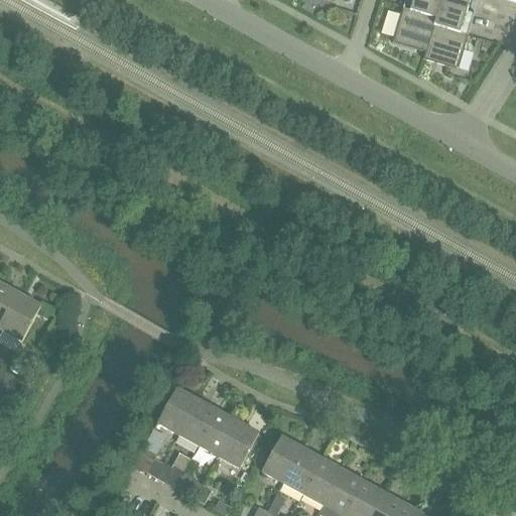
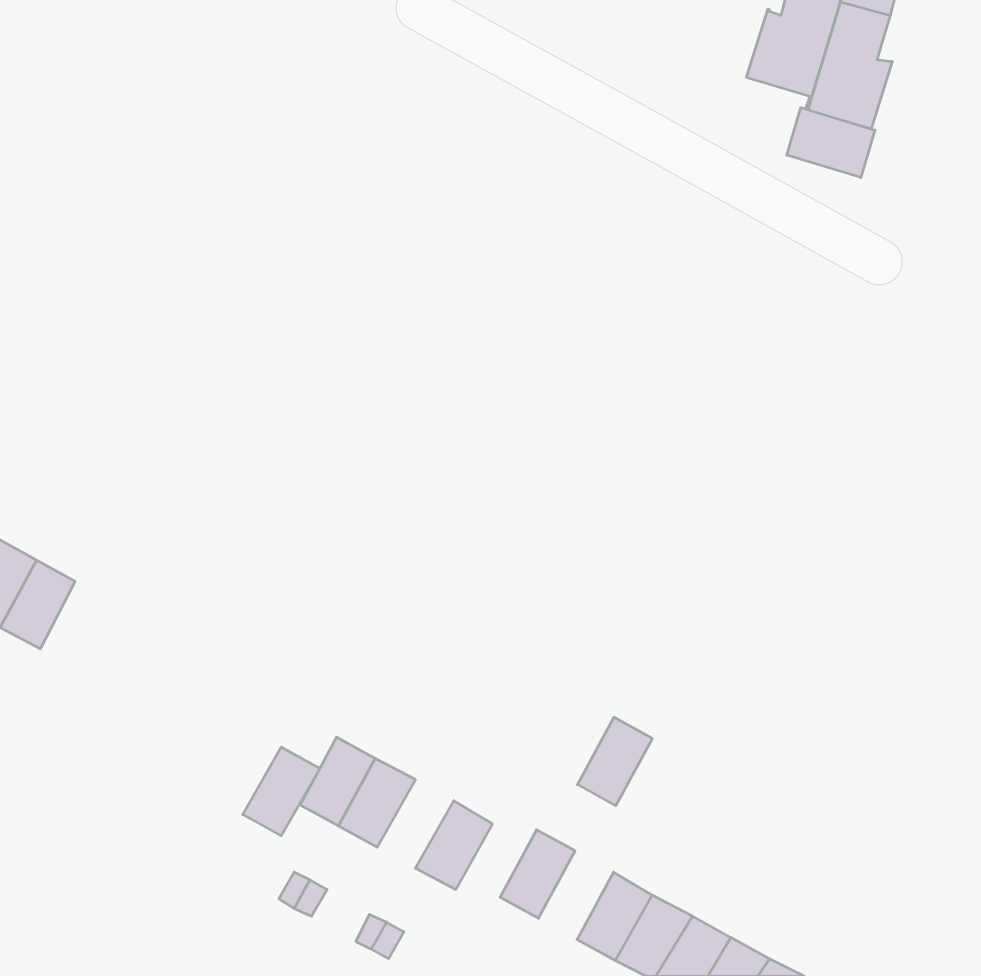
building: none -> [787,108,875,178]
building: [198,408,238,455] -> [243,747,320,836]
building: [282,445,321,492] -> [577,717,652,806]

